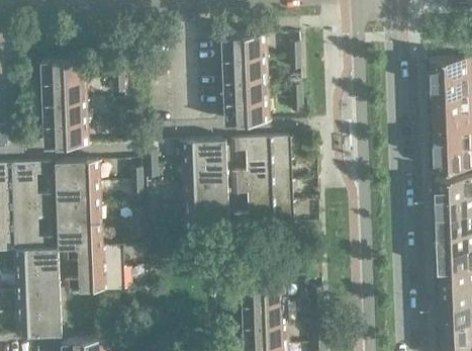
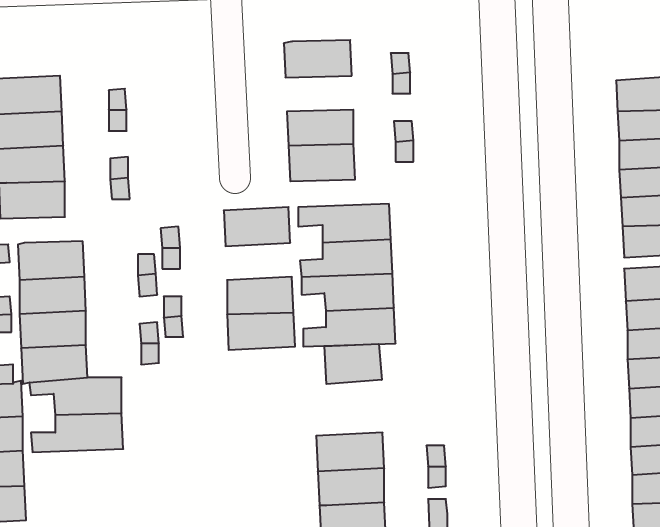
building: [222,59,265,81] -> none
building: [185,163,226,186] -> none
building: none -> [325,344,382,384]

